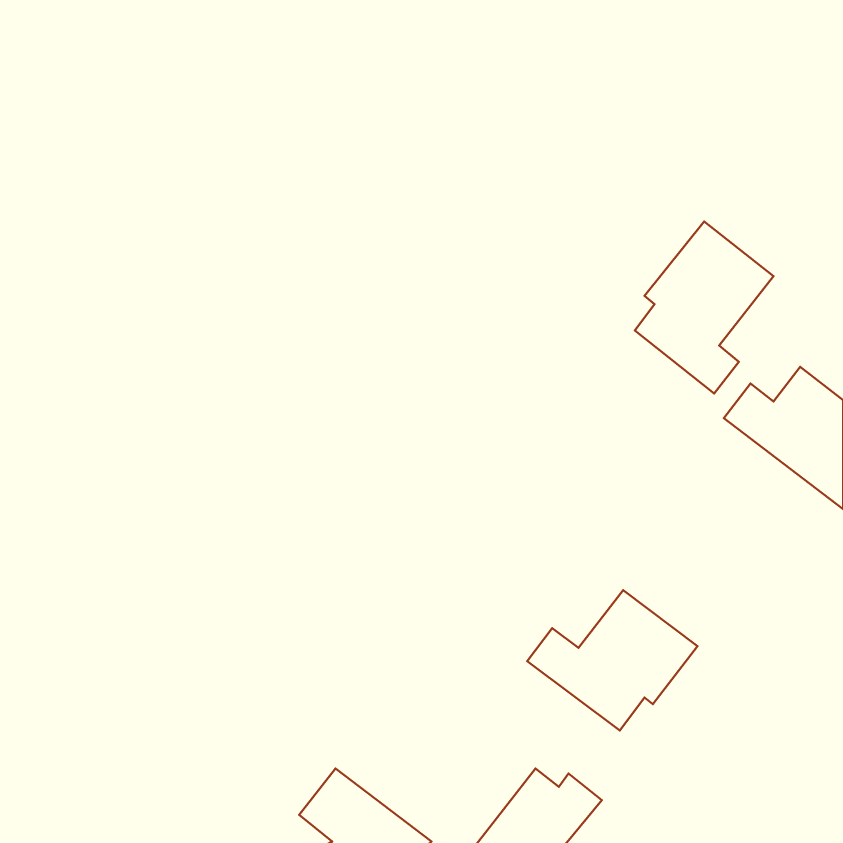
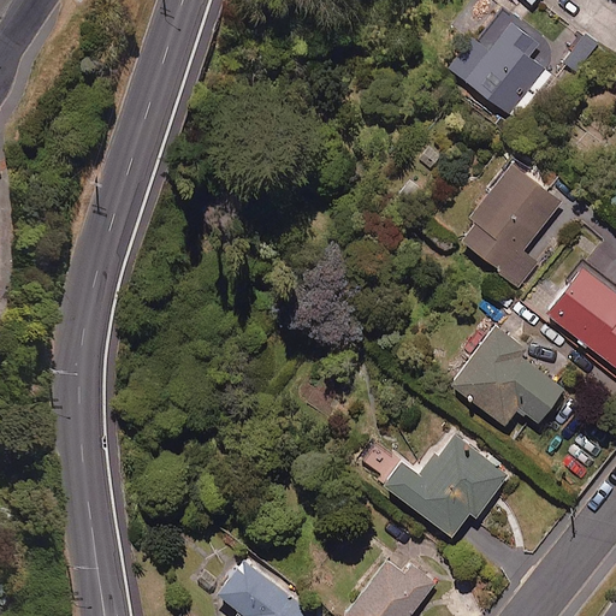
building: none -> [454,12,550,114]
building: none -> [450,325,563,424]

